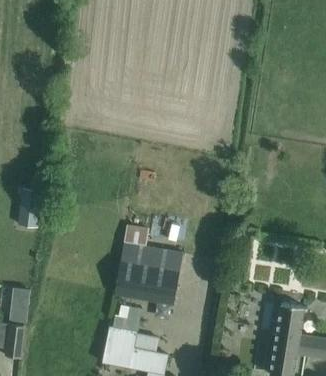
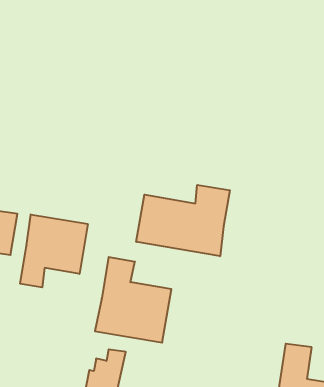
building: none -> [136,185,230,256]
building: none -> [20,214,88,287]

